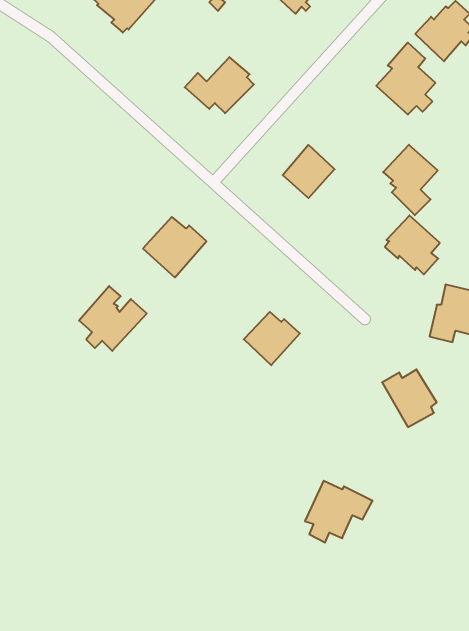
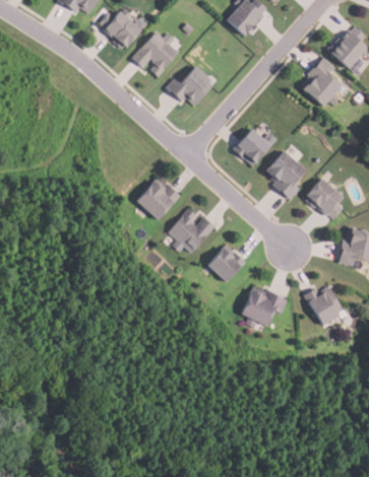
building: none -> [131,31,178,74]
building: [383,145,438,215] -> [266,151,305,201]
building: [79,286,147,351] -> [167,208,214,254]
building: [305,481,373,543] -> [240,286,288,330]

